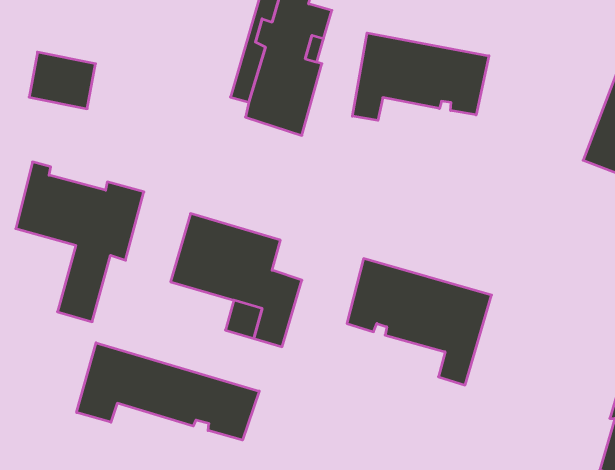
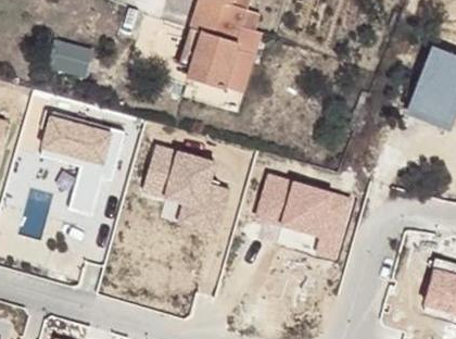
building: [352,33,489,120] -> none
building: [77,343,259,440] -> none

